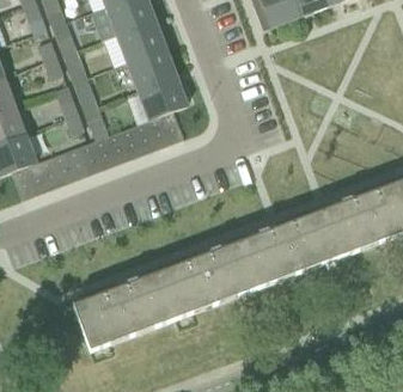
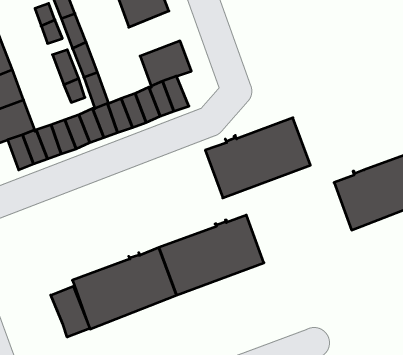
building: [127,47,176,90] -> none
building: [239,210,340,287] -> [205,118,310,198]
building: none -> [51,286,90,337]

